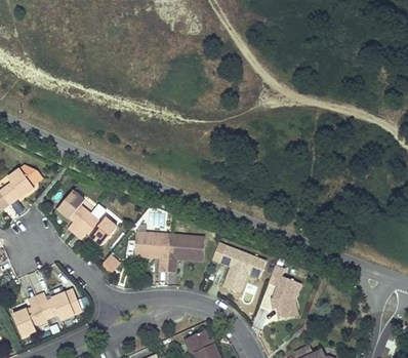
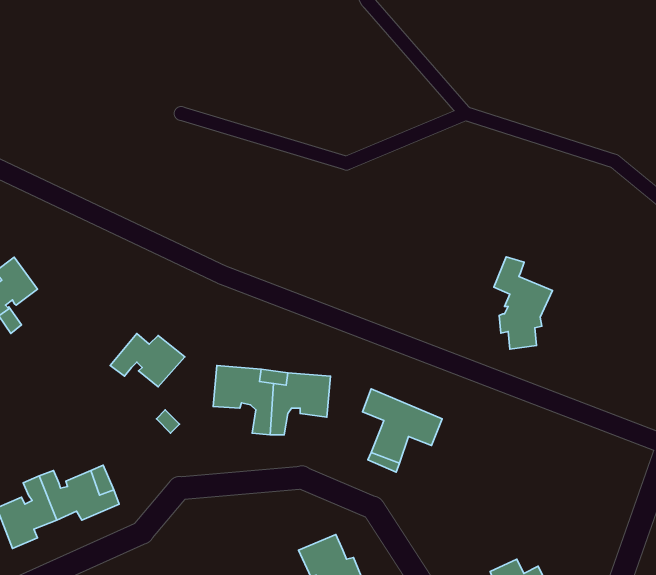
building: [59,191,90,232] -> none
building: [268,264,301,317] -> [494,257,552,349]

